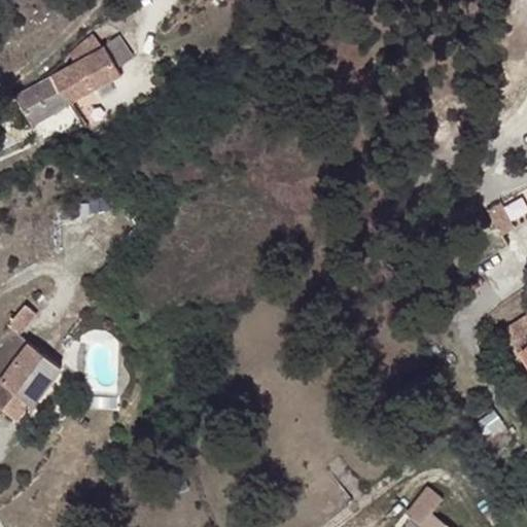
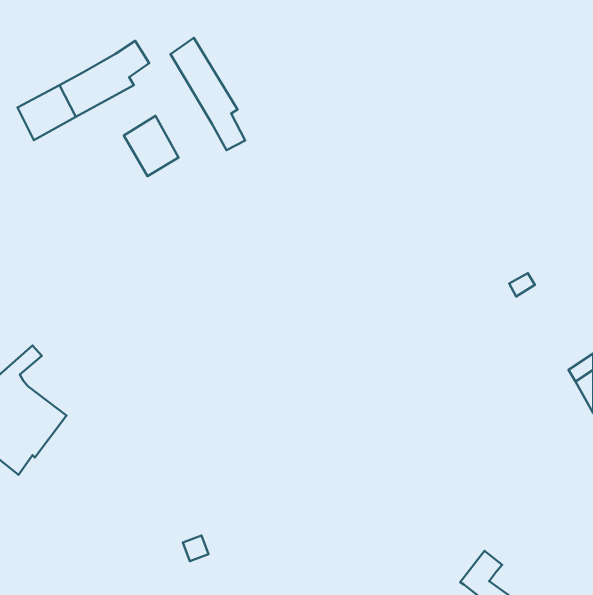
building: none -> [170,38,245,150]
building: none -> [124,116,179,176]

